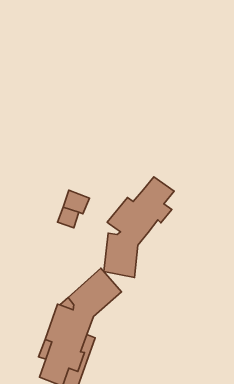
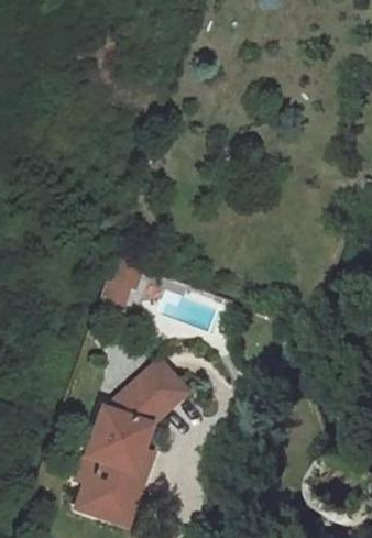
building: [104,177,174,278] -> none

